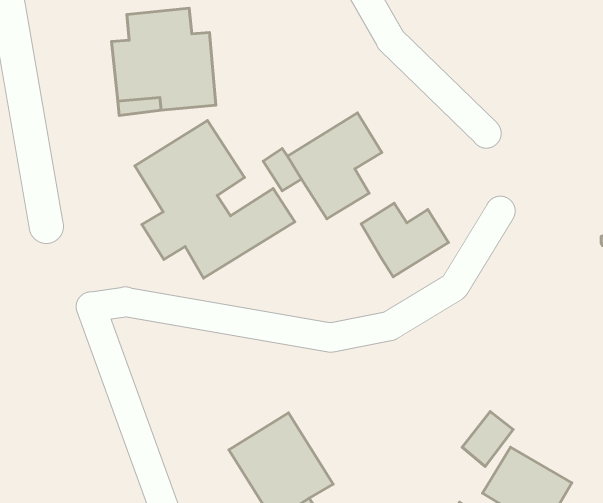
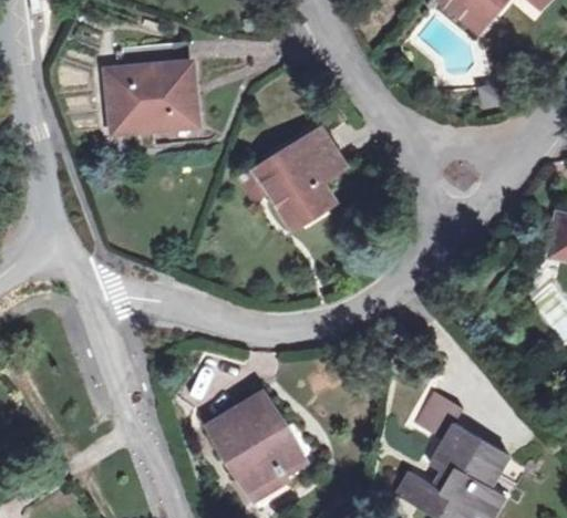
building: [135,121,295,278] -> none
building: [361,203,448,277] -> none

